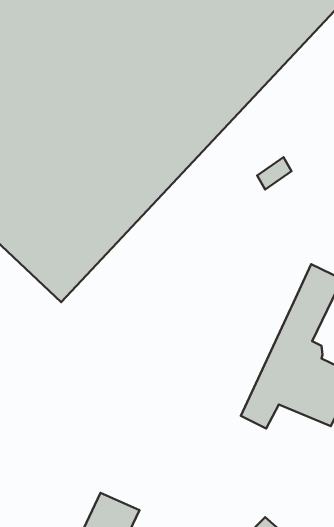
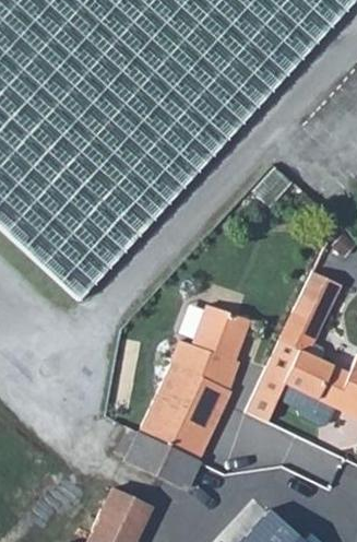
building: none -> [126,303,249,487]

